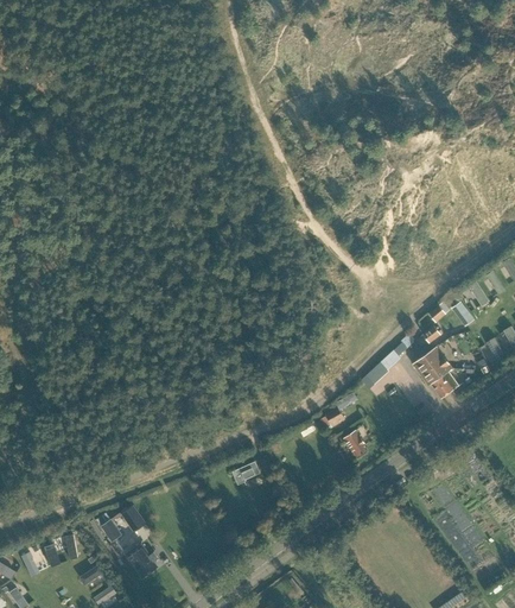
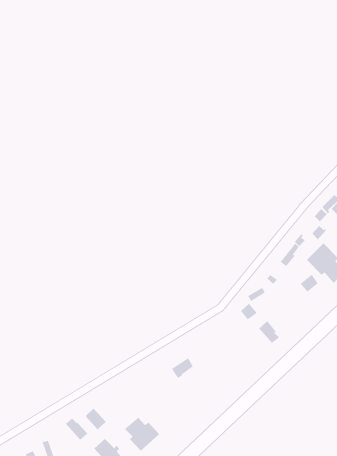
building: none -> [124,417,160,451]

